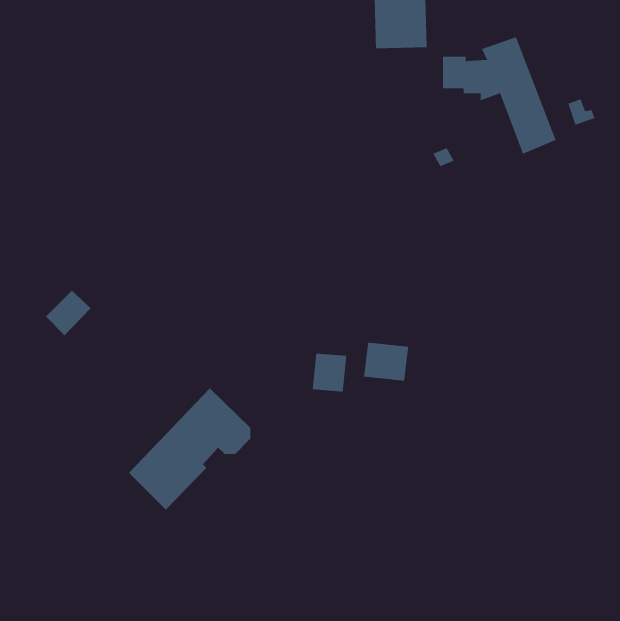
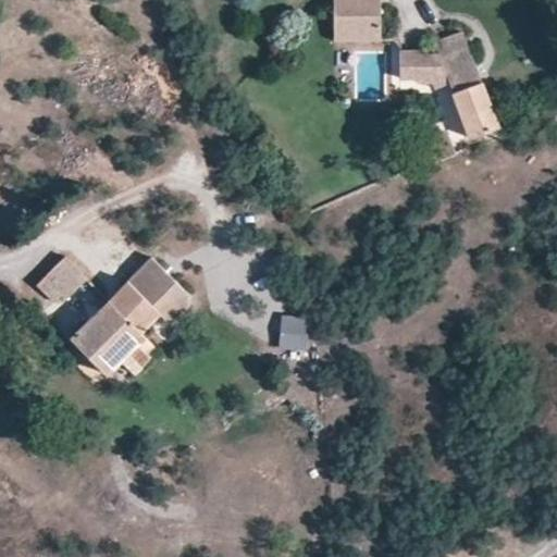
building: [364,342,409,381] -> none
building: [128,388,251,510] -> [76,259,186,369]

